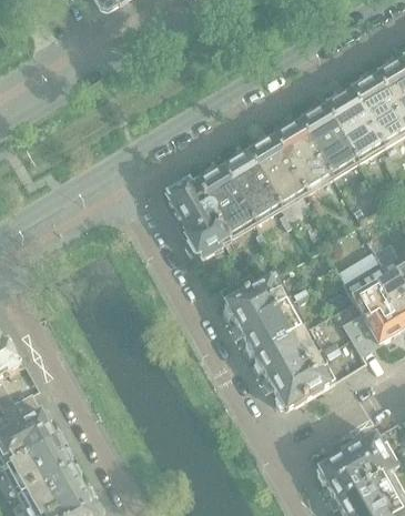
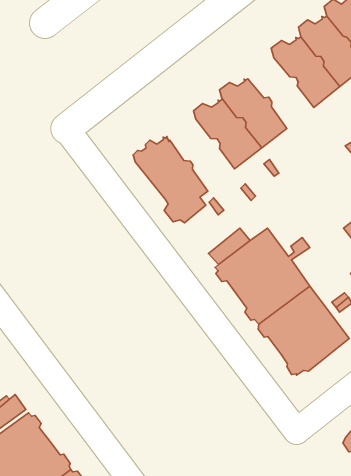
building: [274,123,331,188] -> none
building: [198,169,253,234] -> none

